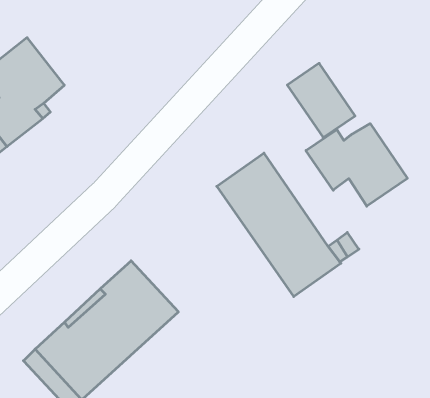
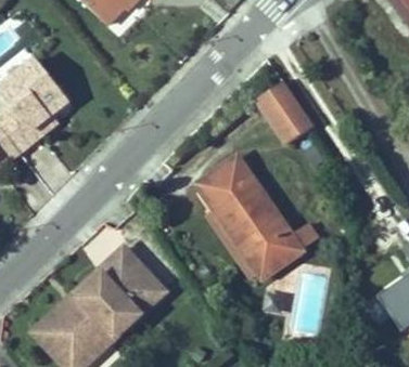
building: [306,124,407,206] -> none

